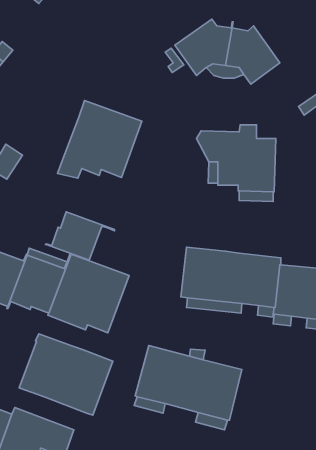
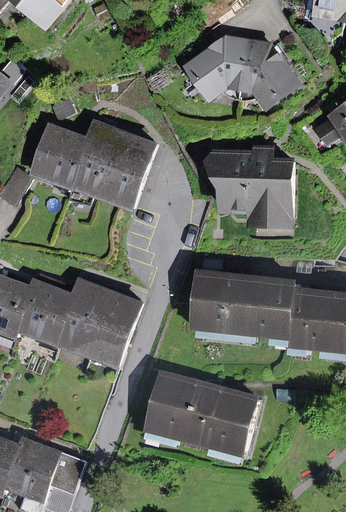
building: none -> [32,124,87,183]
building: [46,212,115,260] -> none
building: [19,334,113,415] -> none

